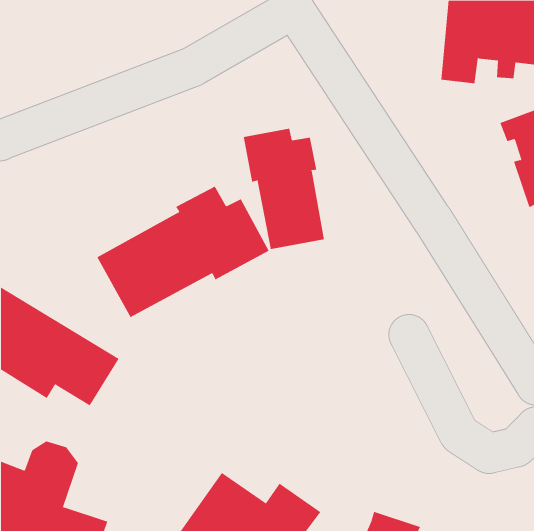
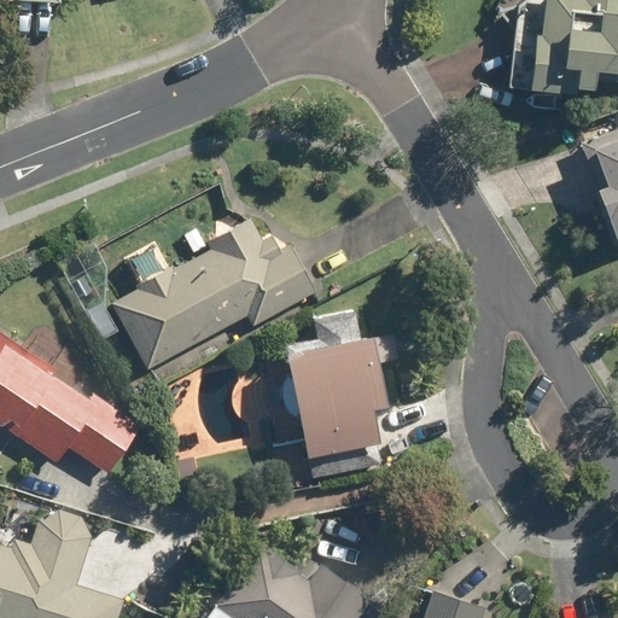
building: [243,128,325,250] -> none
building: none -> [280,315,398,461]

